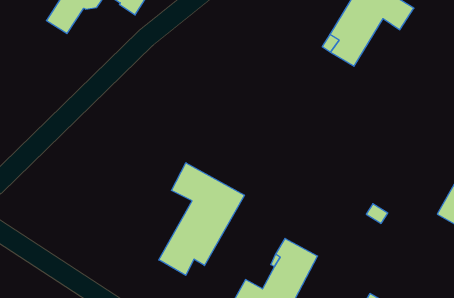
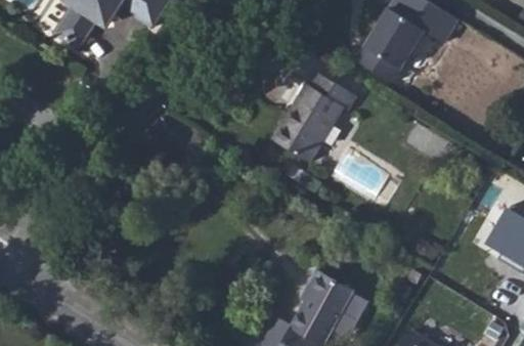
building: none -> [271,74,356,163]
building: [159,163,244,275] -> none

